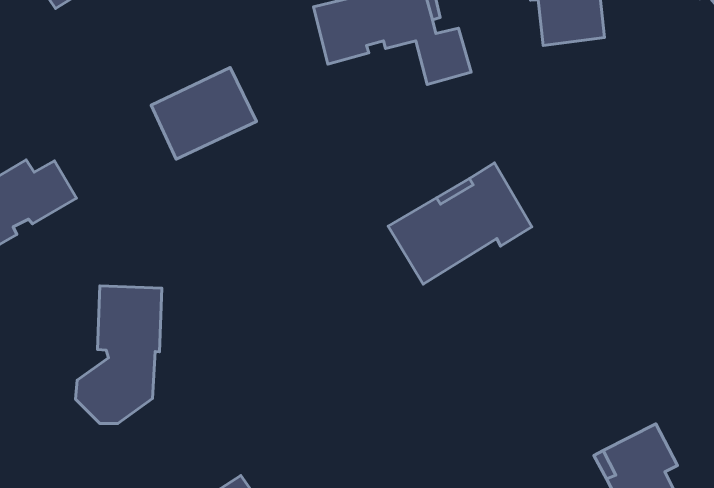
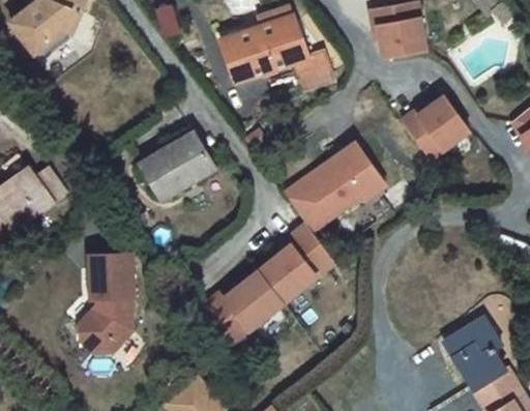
building: [151,67,256,159] -> [140,133,214,200]
building: none -> [401,95,470,159]
building: none -> [199,225,335,347]

